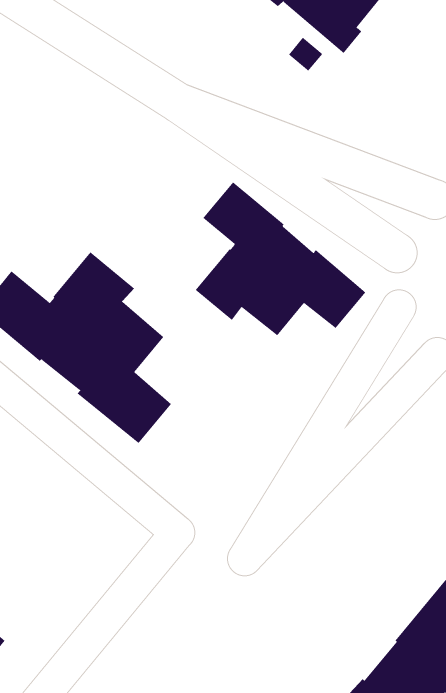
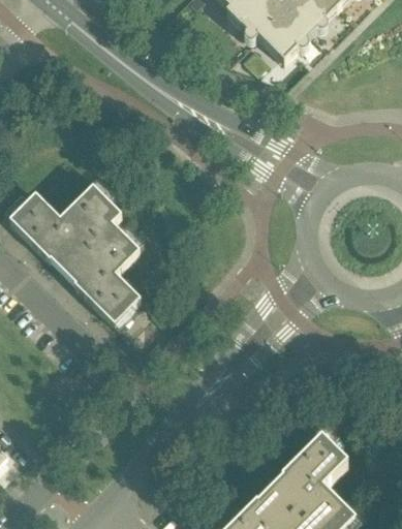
building: [195,182,366,336] -> none

